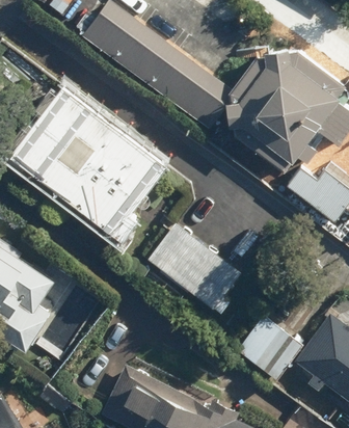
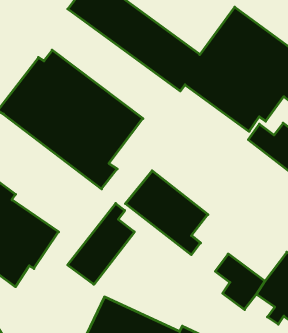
building: none -> [68,203,134,284]

